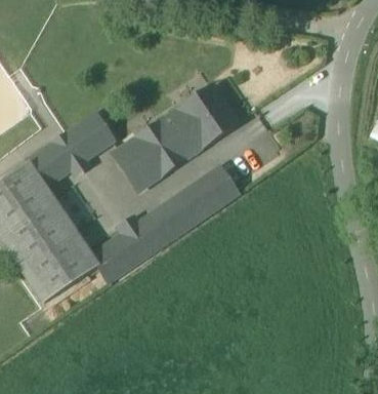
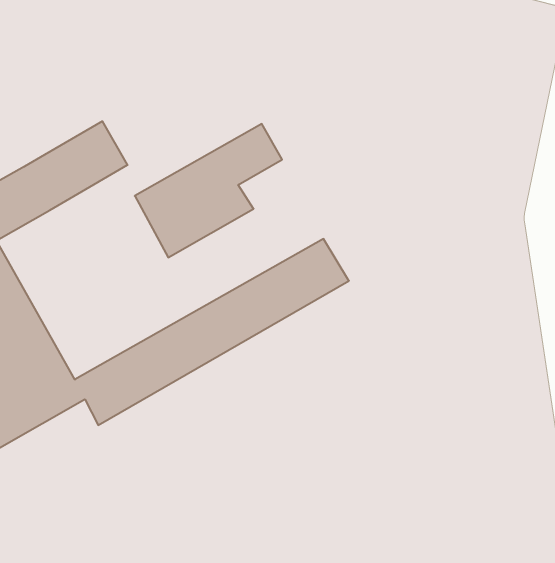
building: [180,90,234,146] -> none

